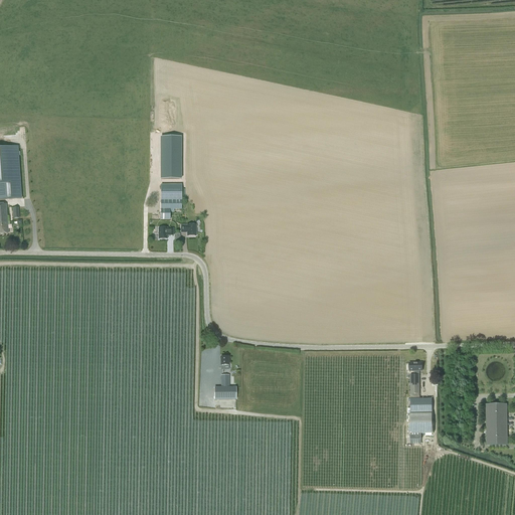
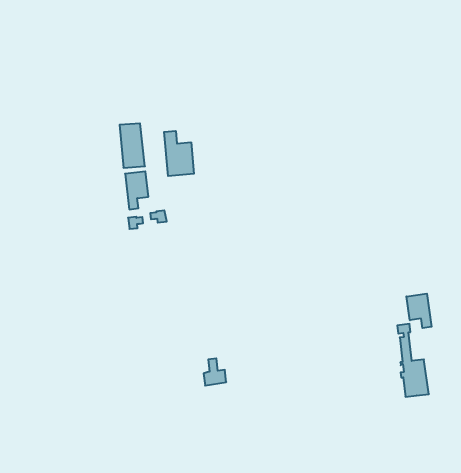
building: none -> [164,131,194,176]
building: none -> [406,294,432,328]

